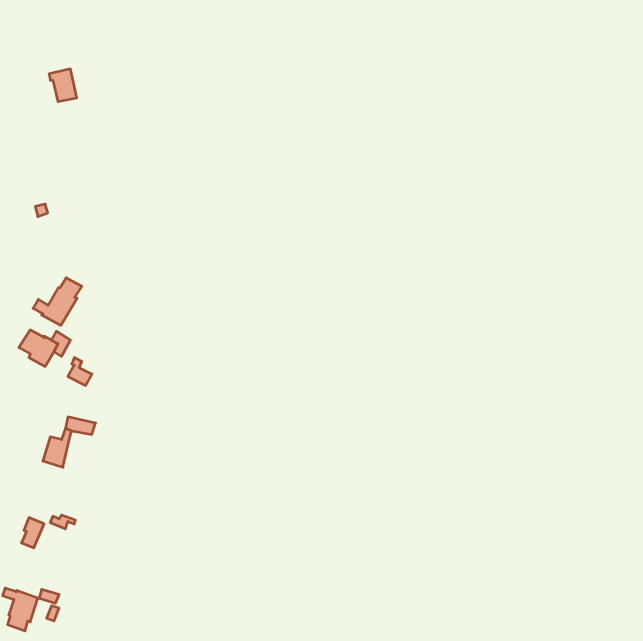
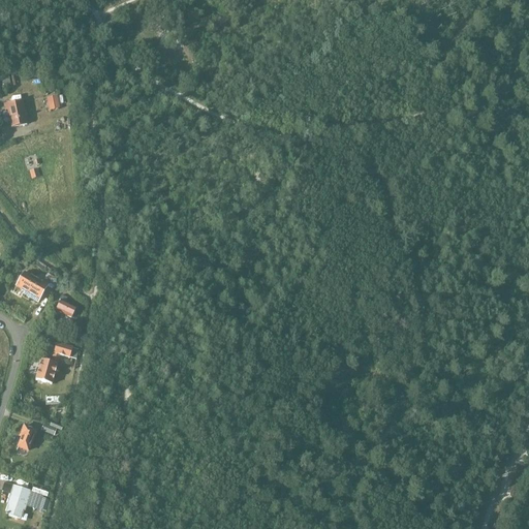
building: [49,69,77,102] -> [4,99,27,126]
building: [33,278,82,325] -> none

